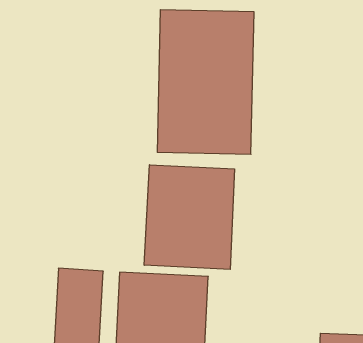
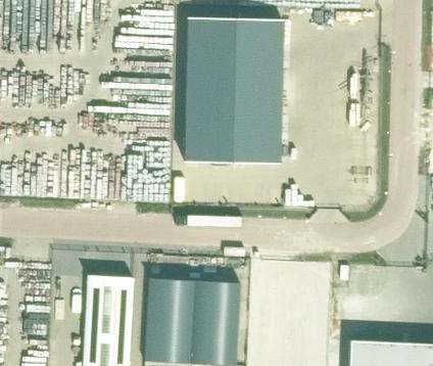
building: [144,165,234,269] -> none

